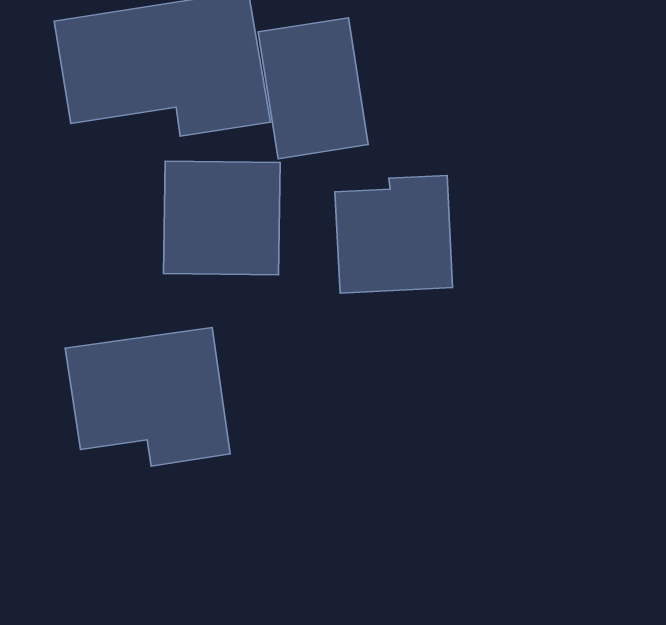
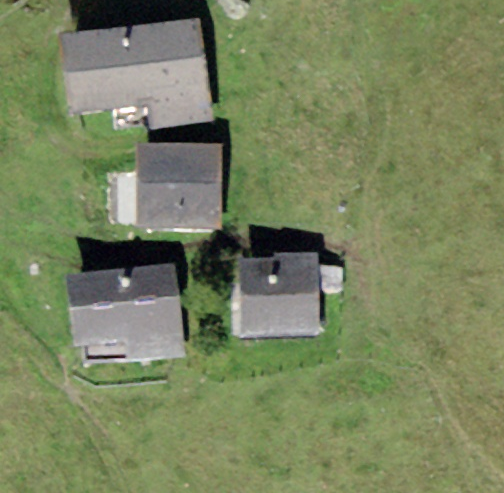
building: [258,18,368,159] -> none
building: [335,175,453,293] -> [236,248,321,333]

